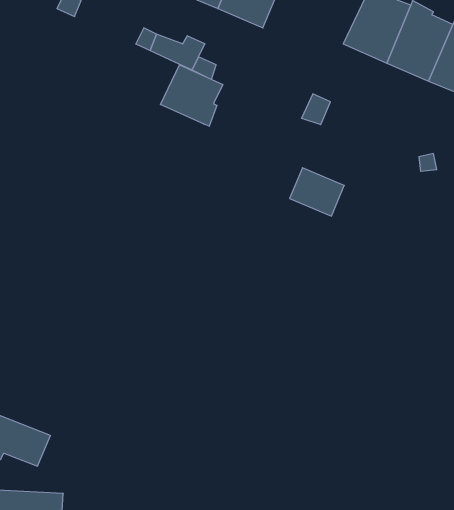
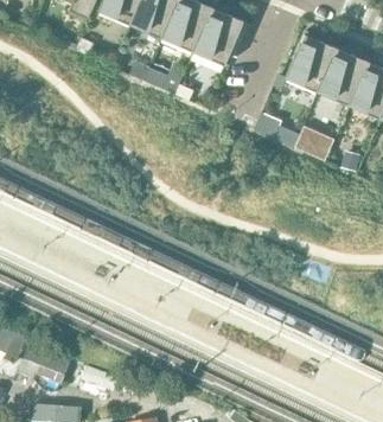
building: [161,65,223,126] -> none
building: [290,168,344,216] -> [295,124,336,160]

